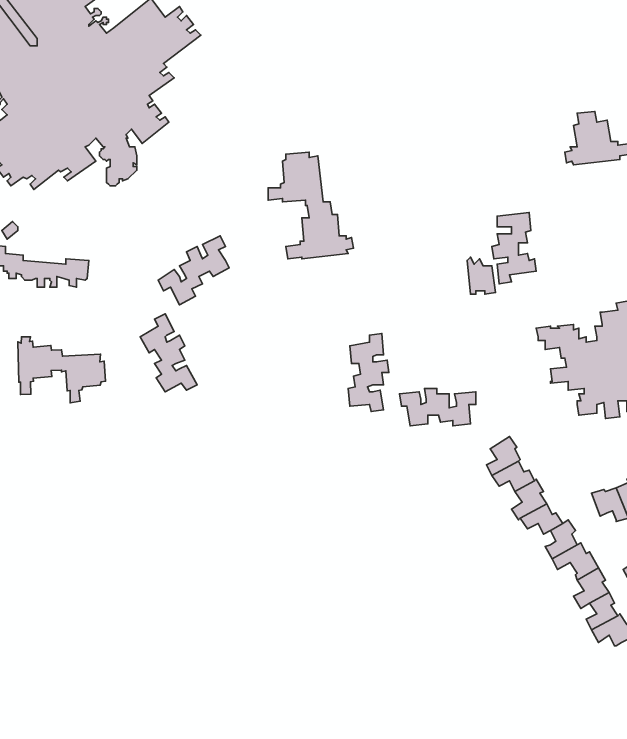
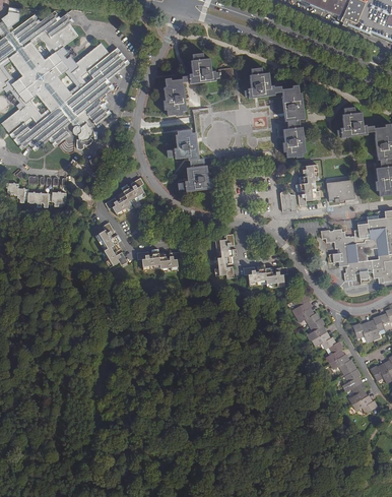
building: none -> [164,53,234,117]
building: none -> [244,67,306,158]
building: none -> [327,180,354,202]
building: [18,337,105,403] -> none
building: none -> [136,250,181,271]

